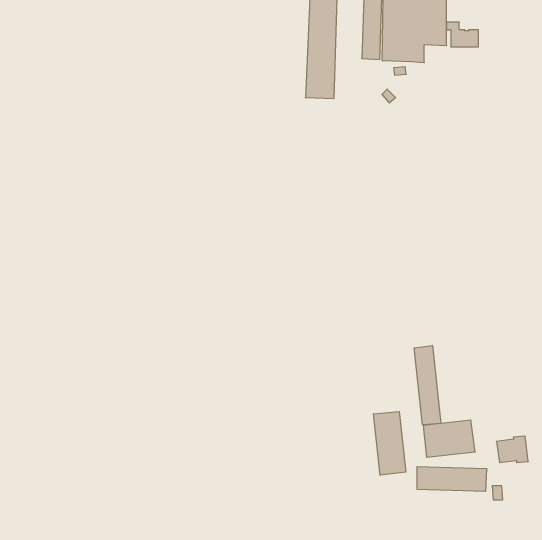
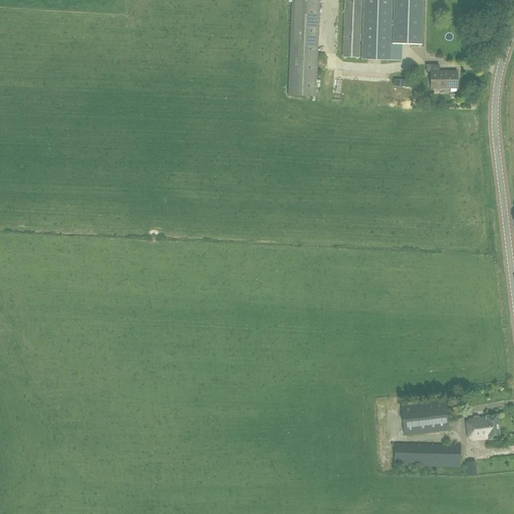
building: [447,22,478,47] -> [427,63,457,86]
building: [414,345,441,425] -> none
building: [374,412,406,475] -> none

